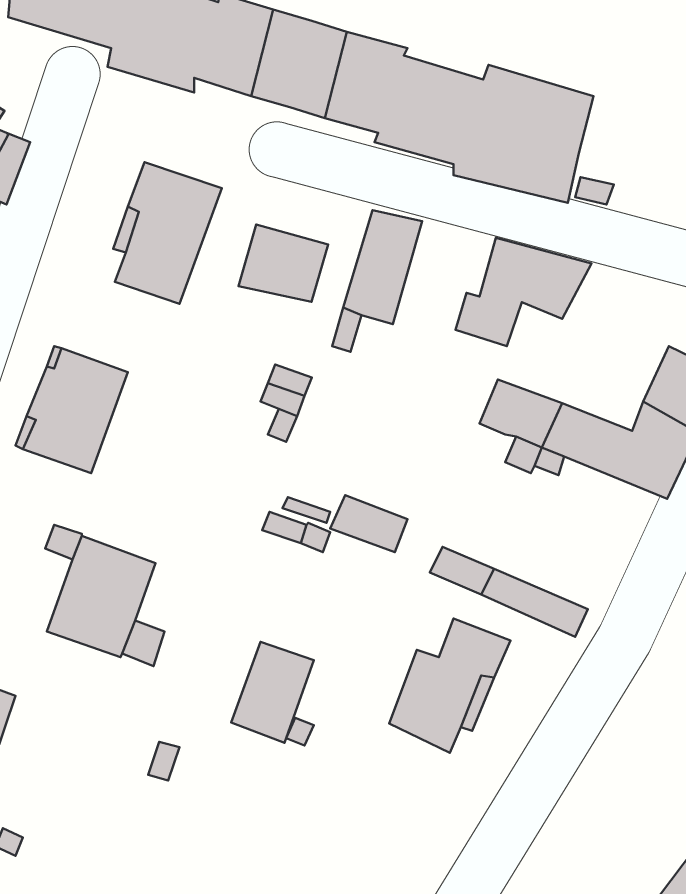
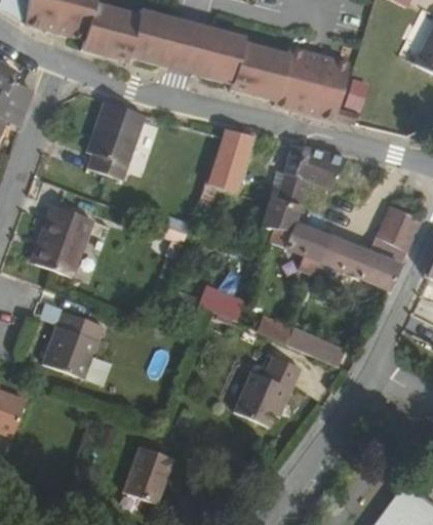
building: [238,225,328,302] -> none
building: none -> [262,195,301,247]
building: [231,642,314,743] -> [126,446,172,502]

